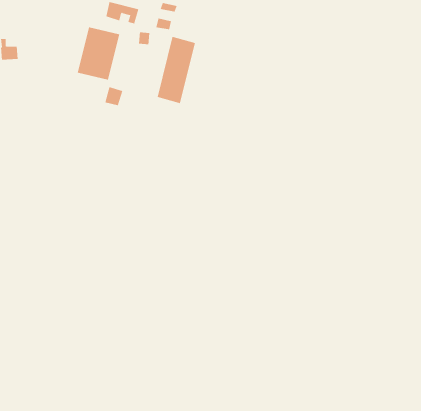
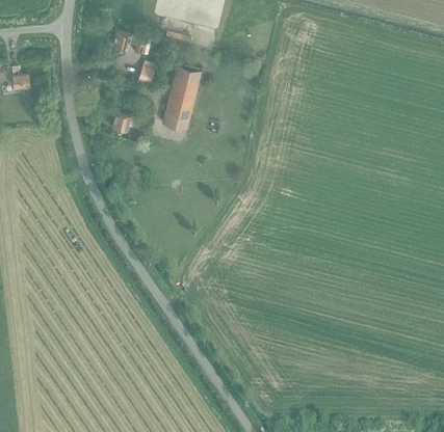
building: [77,27,120,81] -> none

